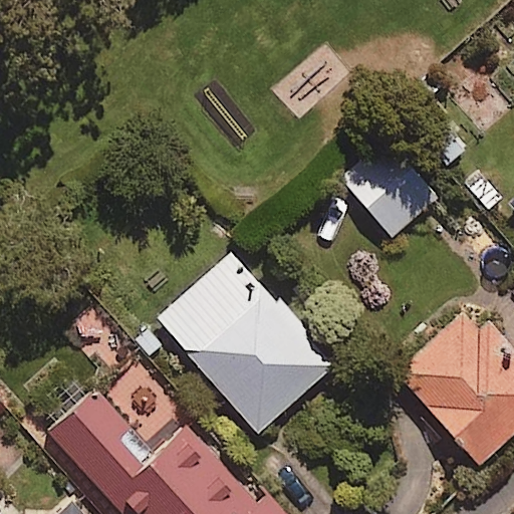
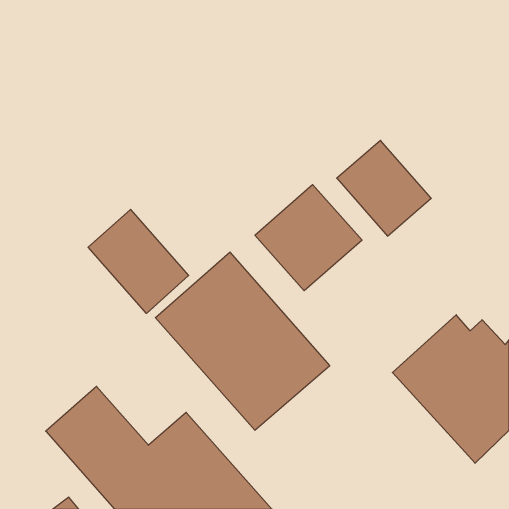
building: none -> [255,185,362,291]
building: none -> [88,209,189,313]

